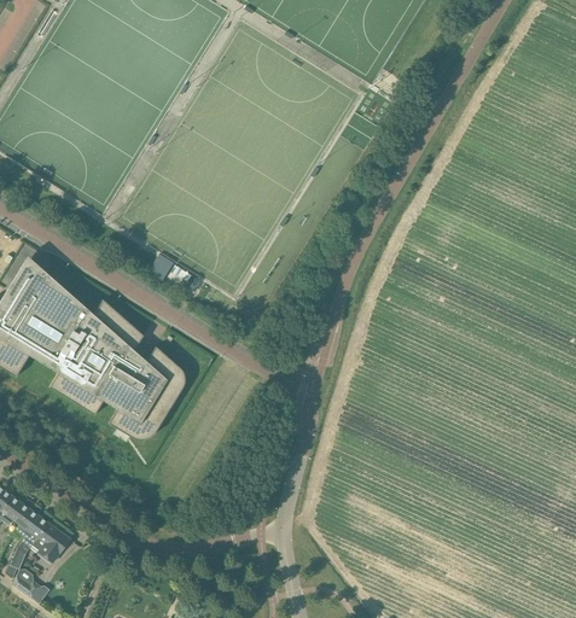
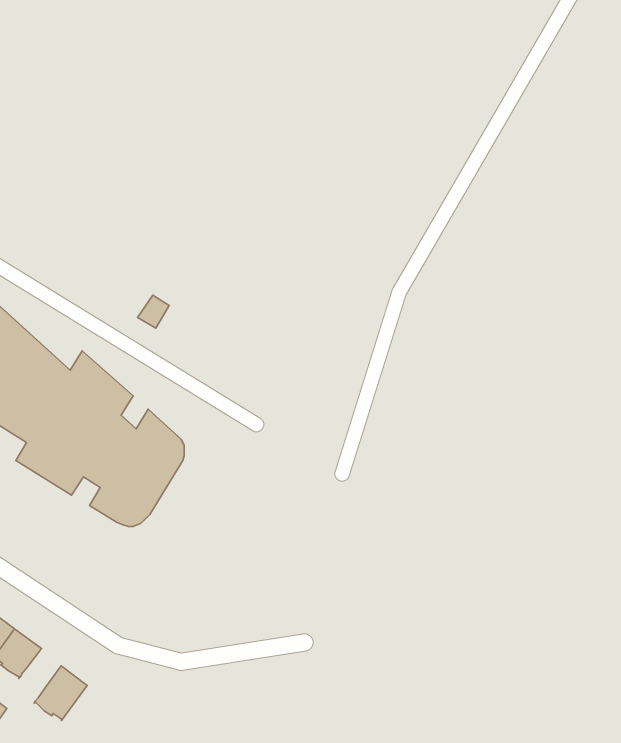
building: none -> [34,666,87,720]

